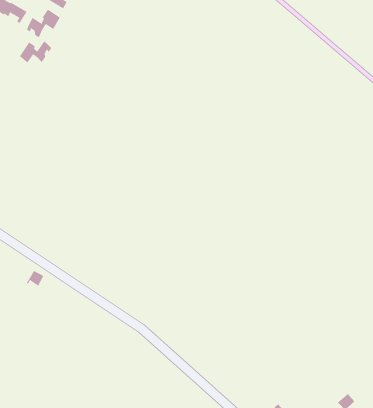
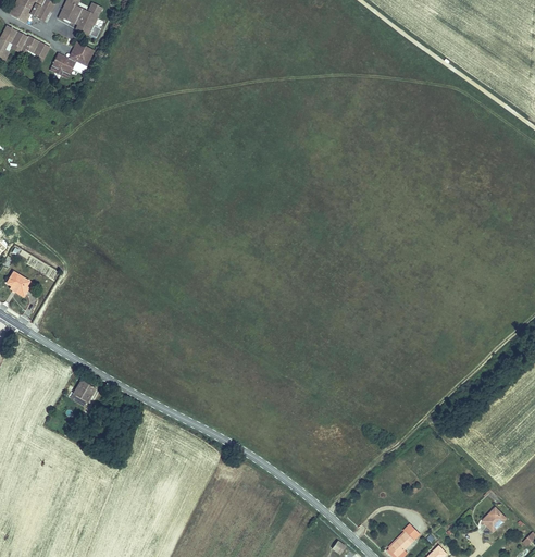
building: [19,40,52,64] -> none

